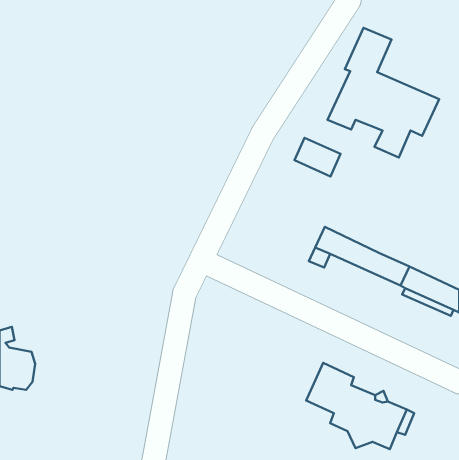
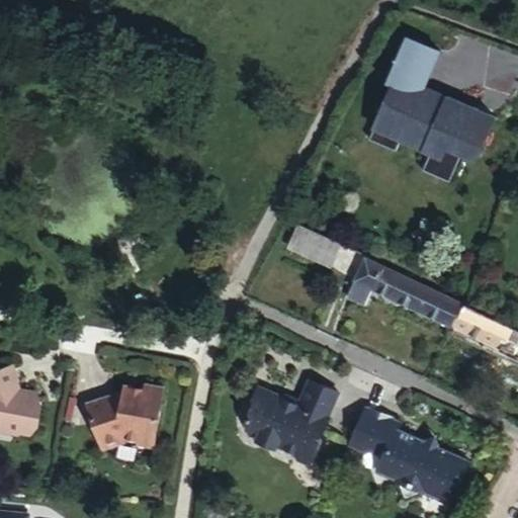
building: [295,138,340,176] -> [289,223,341,266]
building: none -> [242,383,338,470]
building: none -> [83,384,162,451]

